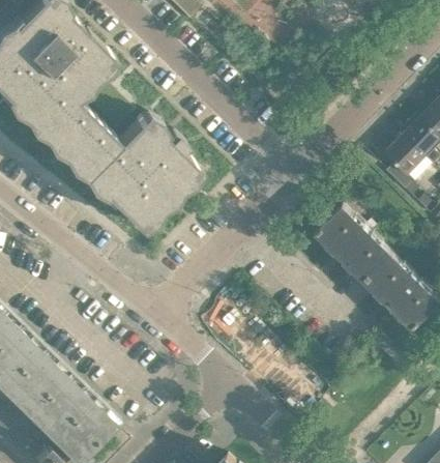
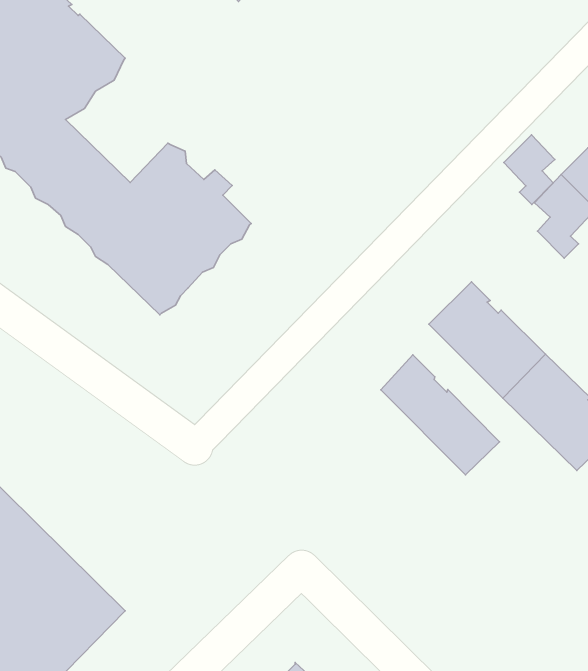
building: none -> [504,135,555,204]
building: none -> [381,355,500,475]

